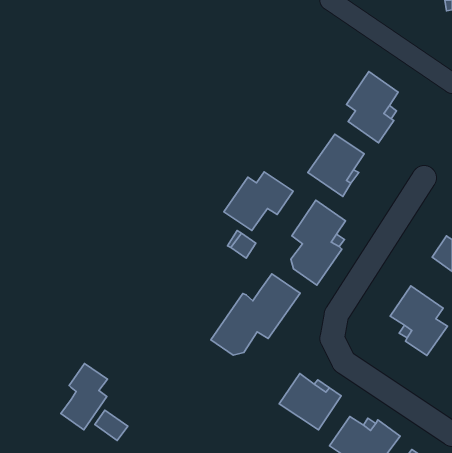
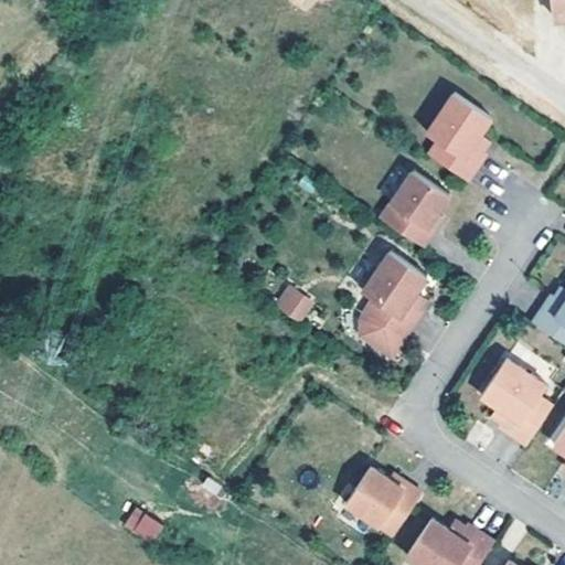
building: [224,172,293,231] -> none
building: [211,274,300,355] -> none
building: [61,364,107,430] -> none

